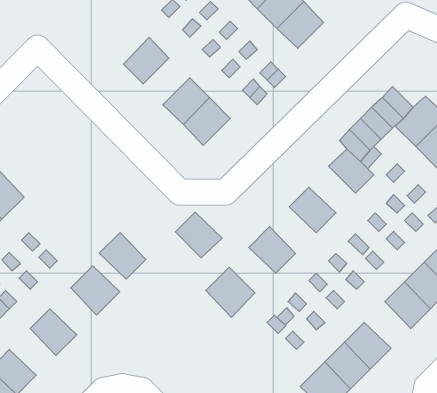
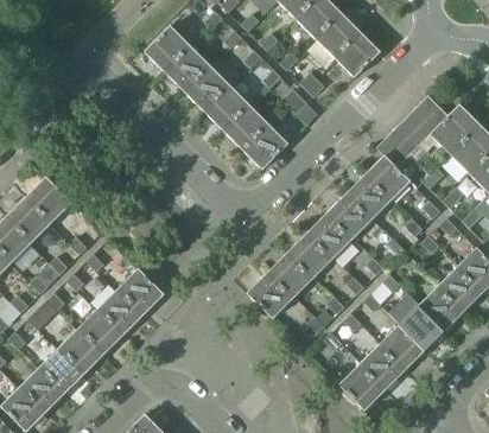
building: none -> [144,25,192,74]
building: none -> [336,33,380,77]
building: none -> [186,58,240,113]
building: none -> [245,126,287,168]
building: none -> [347,172,392,217]
building: none -> [309,211,354,256]
building: [175,212,222,258] -> [269,250,315,294]
building: [99,232,146,279] -> [96,289,141,335]
building: none -> [400,303,445,348]
building: none -> [57,329,102,374]

